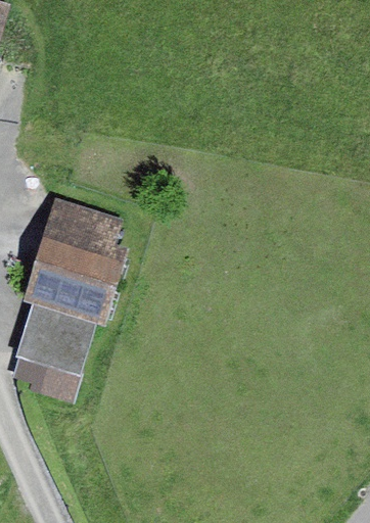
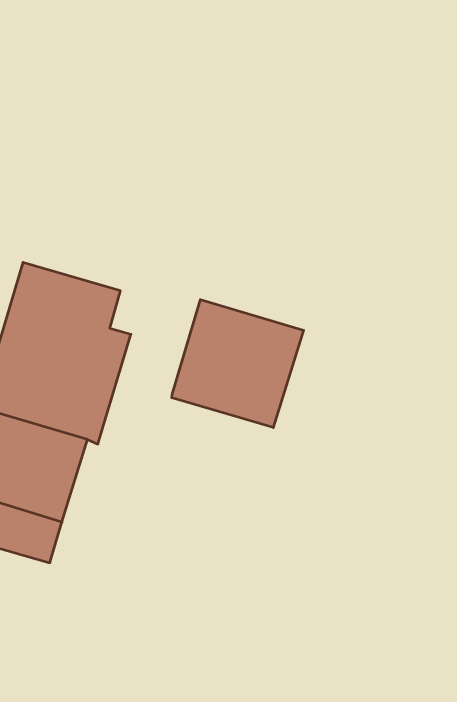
building: none -> [172,300,304,428]

